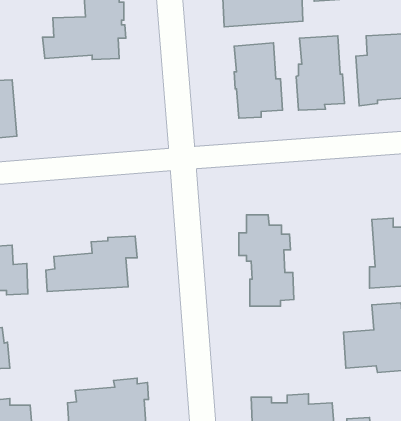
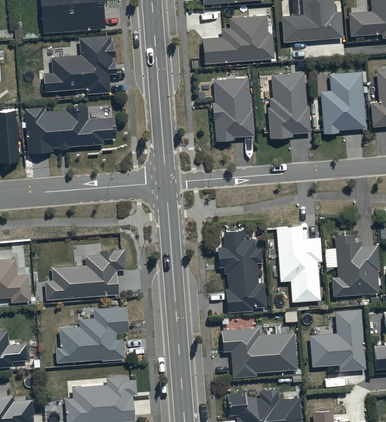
building: none -> [25,105,116,154]
building: none -> [276,226,323,303]
building: none -> [56,306,128,362]
building: none -> [221,328,297,378]

